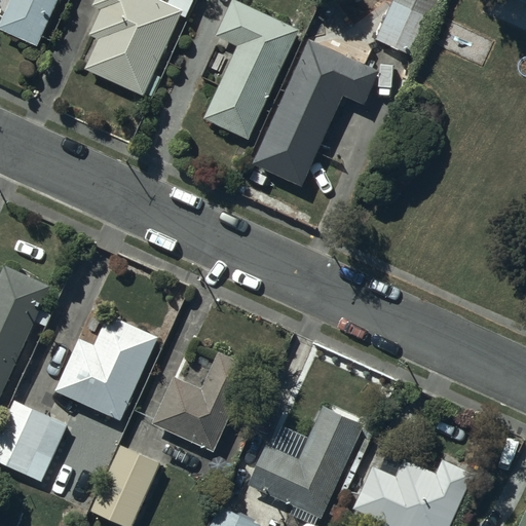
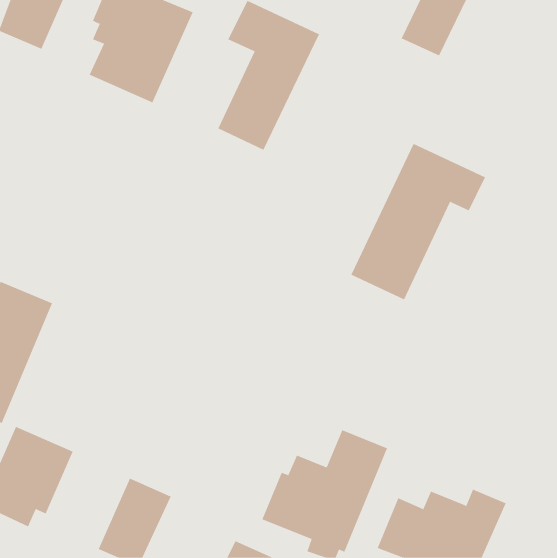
building: [252,38,378,185] -> [351,143,486,300]
building: [54,316,159,428] -> none
building: [149,353,249,452] -> none

